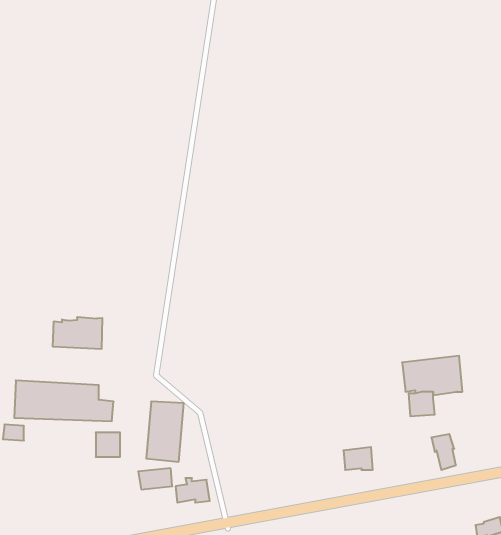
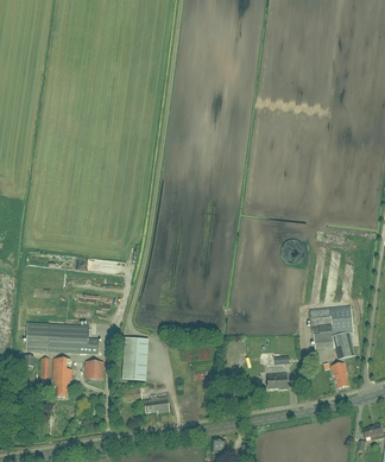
building: [53,317,102,349] -> none
building: none -> [52,357,72,395]

